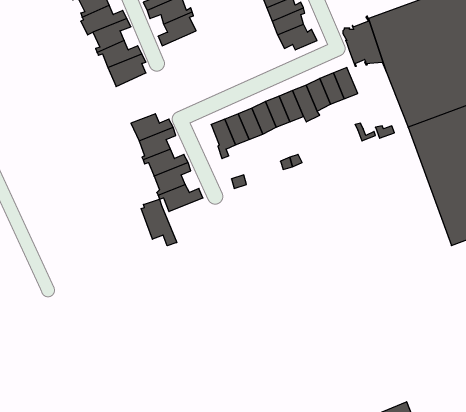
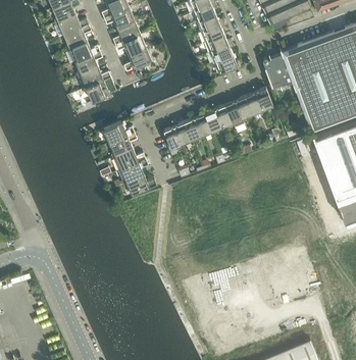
building: [141,199,177,246] -> none

